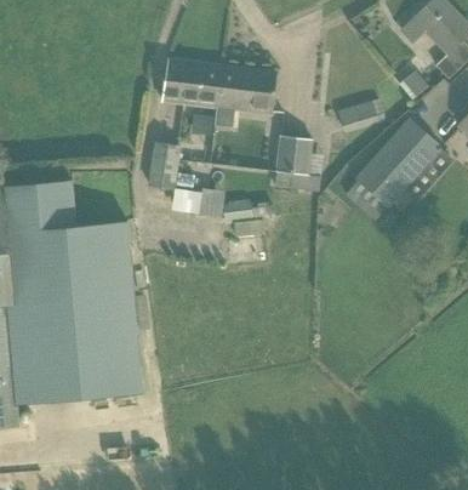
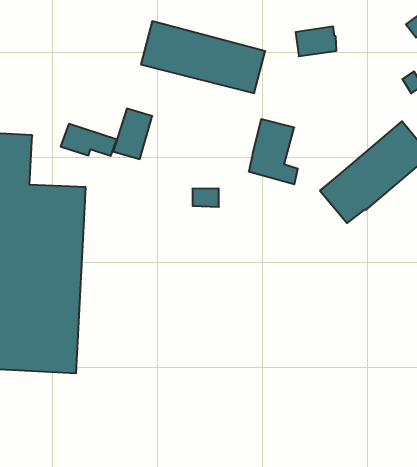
building: [337,99,377,131] -> [296,27,336,56]
building: [170,187,221,213] -> [61,124,117,156]

